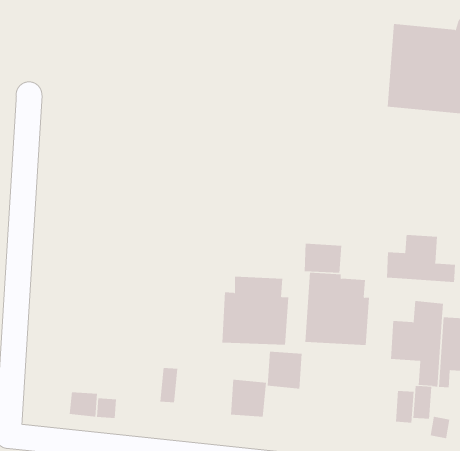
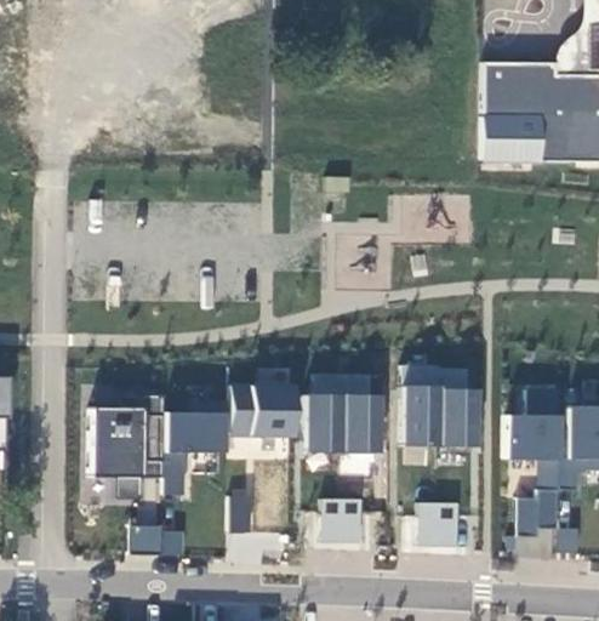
building: [386,234,456,283] -> none
building: [304,243,342,273] -> none
building: none -> [233,382,295,433]
building: none -> [91,397,227,498]
building: [267,351,303,389] -> [417,502,457,545]

